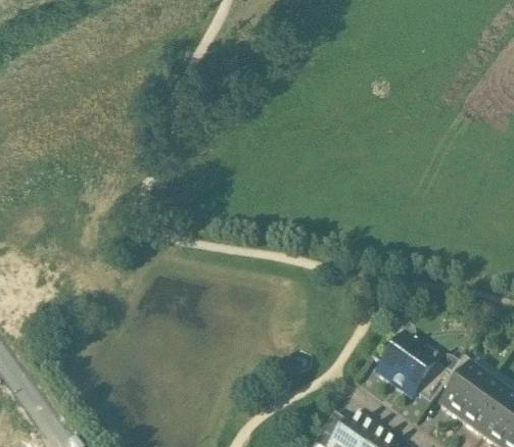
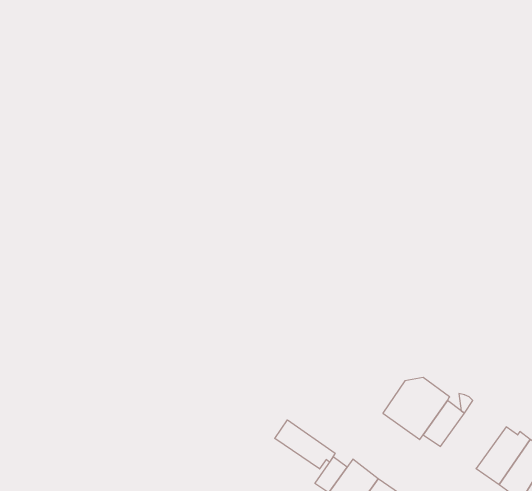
building: [441,364,488,419] -> none
building: none -> [275,420,335,469]

